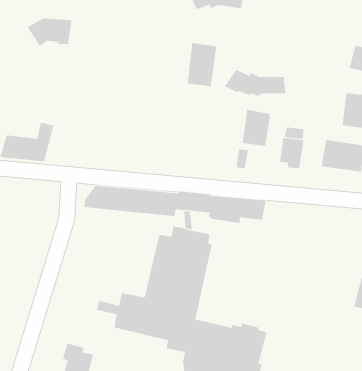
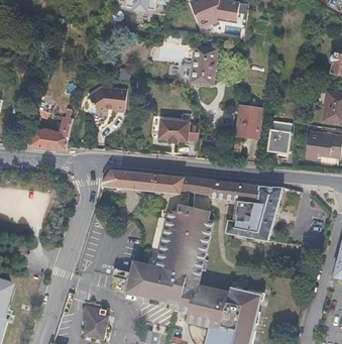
building: [27,18,72,47] -> [88,88,127,113]
building: [224,69,286,97] -> none
building: none -> [158,118,200,143]
building: none -> [224,185,283,242]

